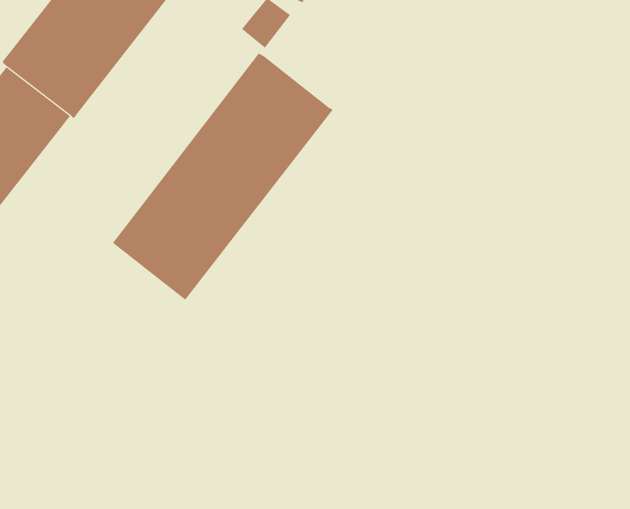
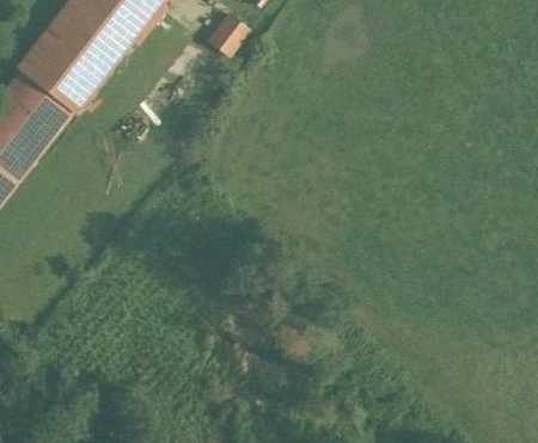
building: [112,53,334,301] -> none

